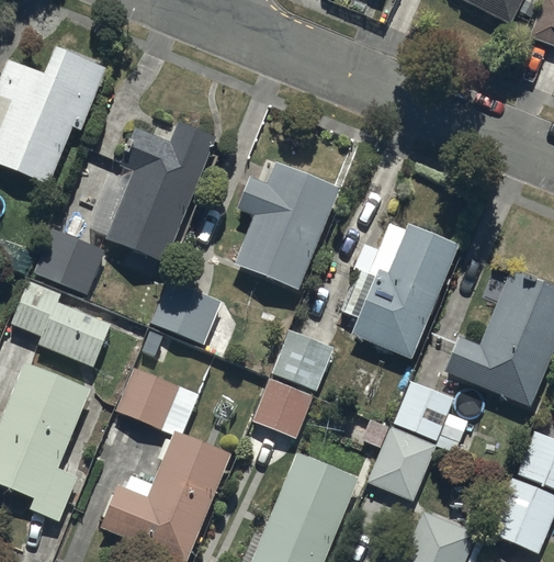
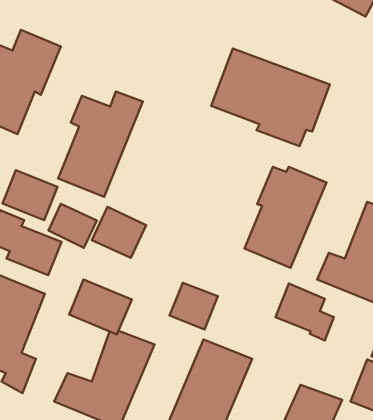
building: none -> [211,48,330,146]
building: [235,166,336,284] -> none
building: none -> [49,204,97,248]
building: [269,329,332,394] -> none
building: [368,426,436,501] -> none

